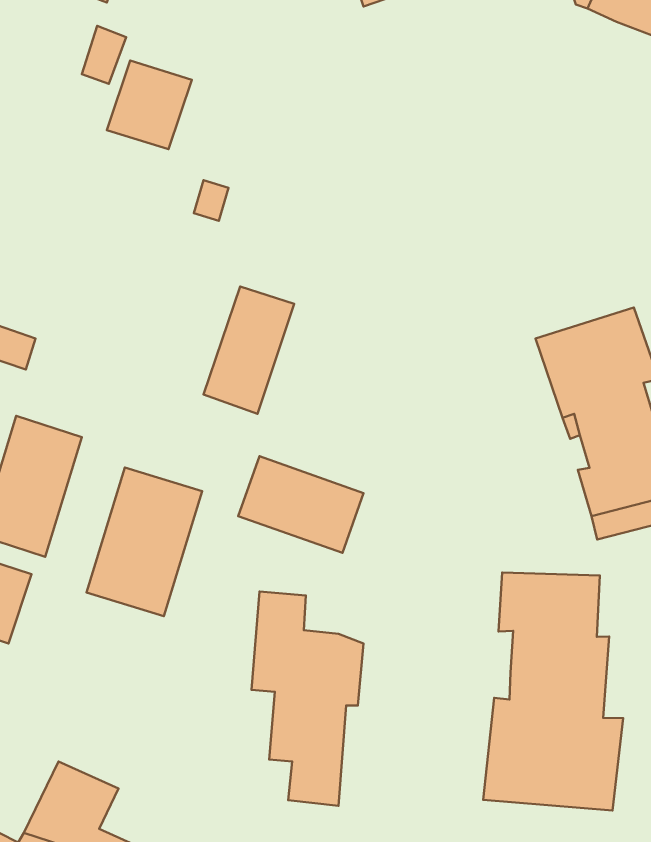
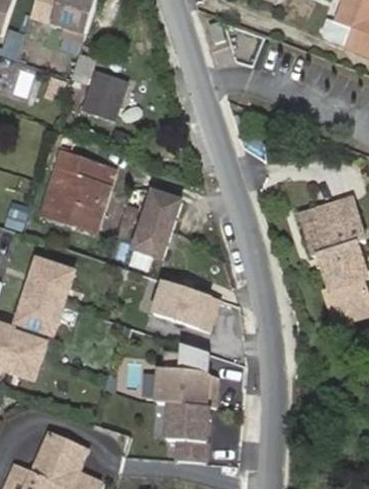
building: none -> [38,152,115,230]
building: [87,467,202,616] -> none
building: [483,572,623,810] -> none

